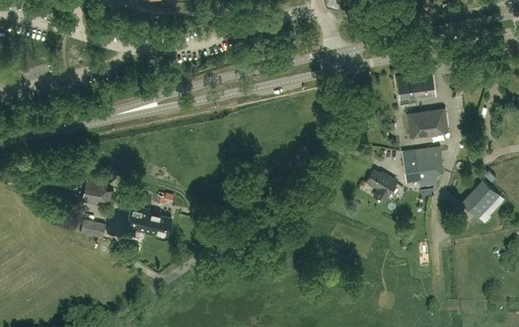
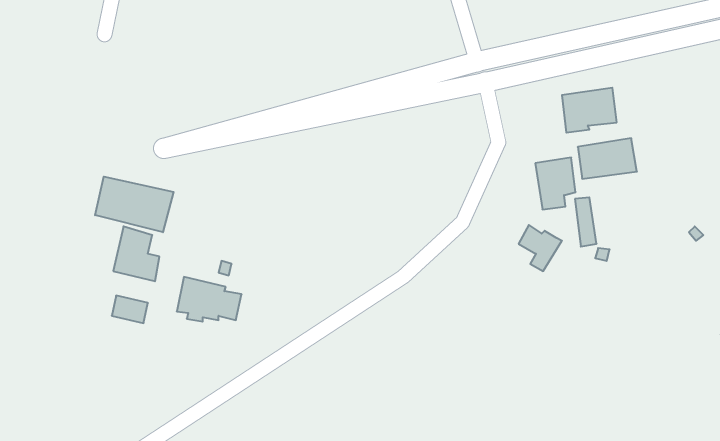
building: none -> [95,177,174,232]
building: [416,147,444,183] -> [535,158,576,209]
building: [461,180,499,219] -> none

